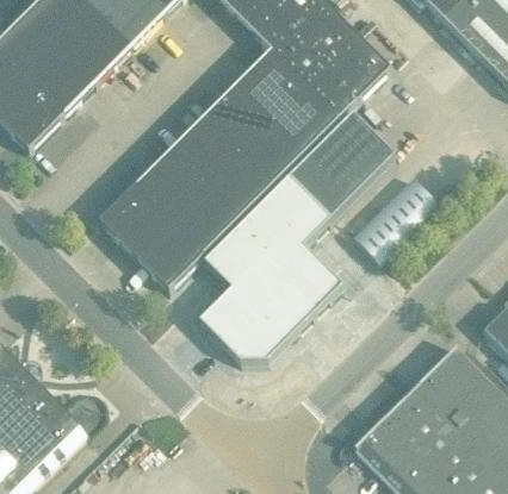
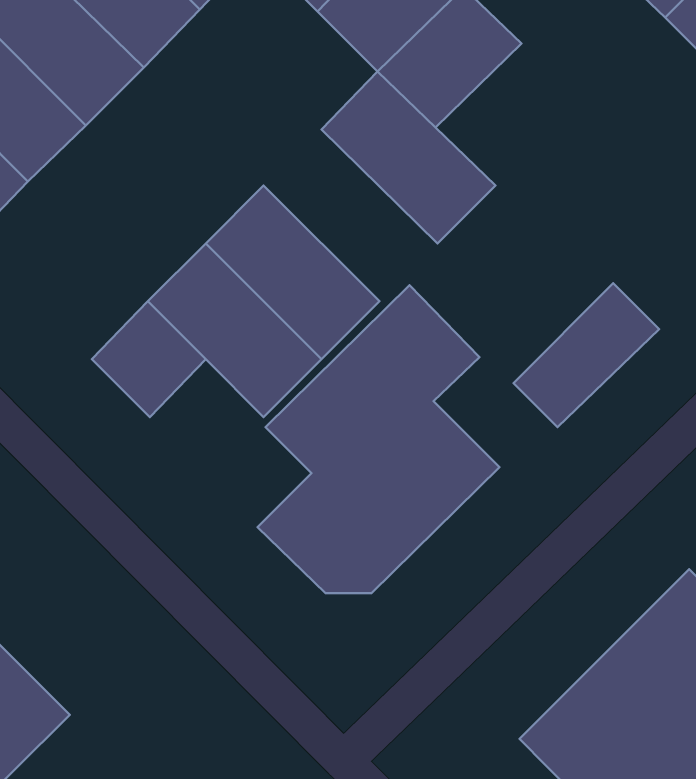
building: [305,31,391,115] -> none
building: [203,82,306,185] -> none
building: [290,112,395,217] -> none
building: [135,219,203,287] -> none

